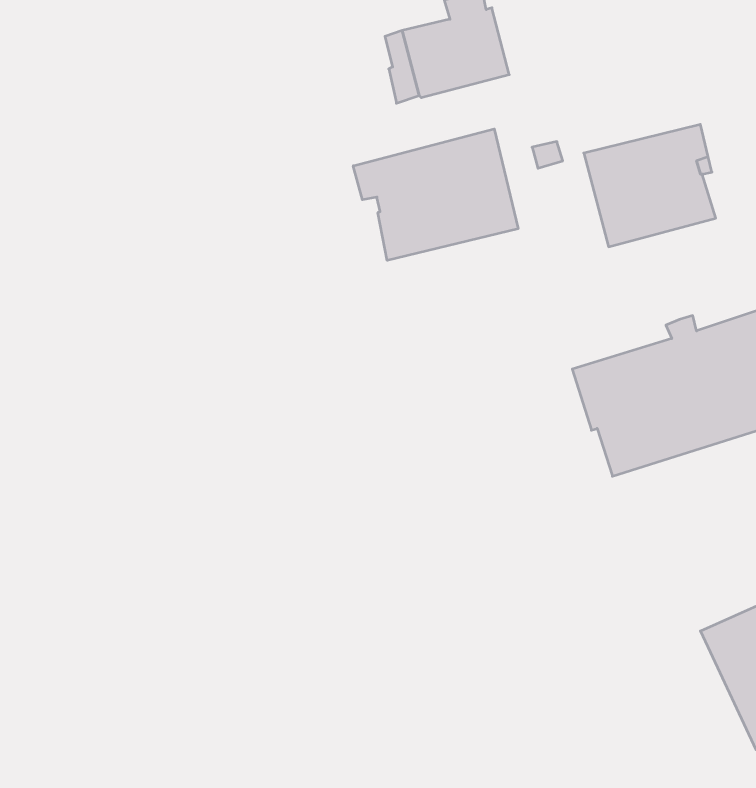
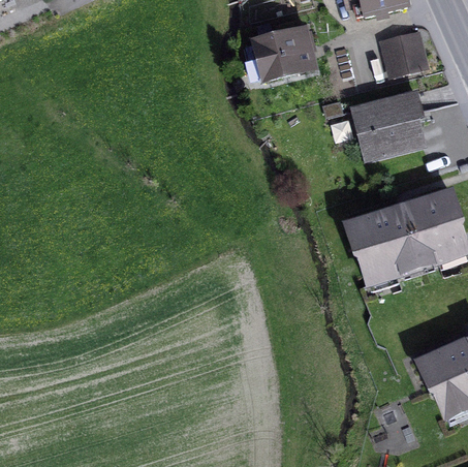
building: none -> [385,34,425,70]
building: [353,129,518,260] -> none

